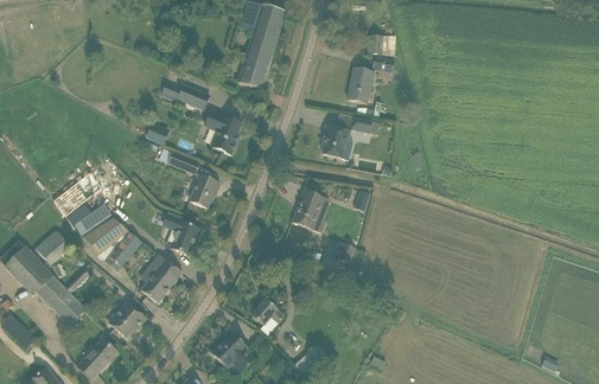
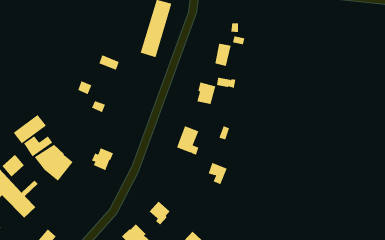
building: [204,110,242,154] -> none
building: [191,173,219,207] -> none
building: [141,254,181,302] -> none
building: [109,301,146,337] -> none

